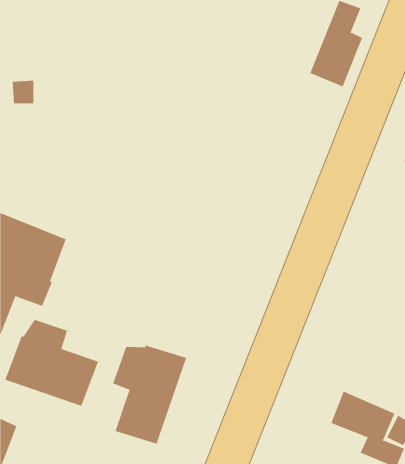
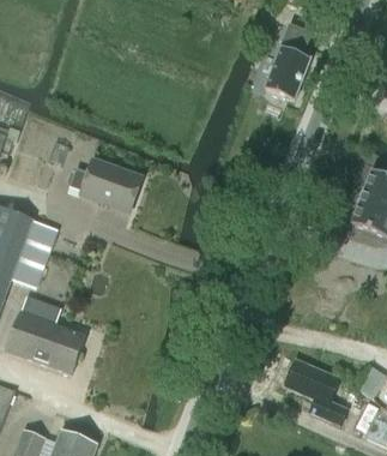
building: none -> [69,160,141,211]
building: [113,345,187,444] -> none

